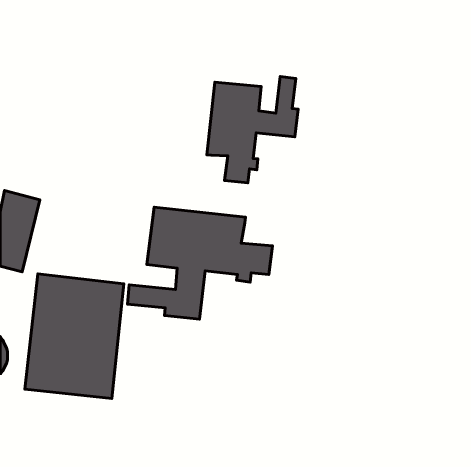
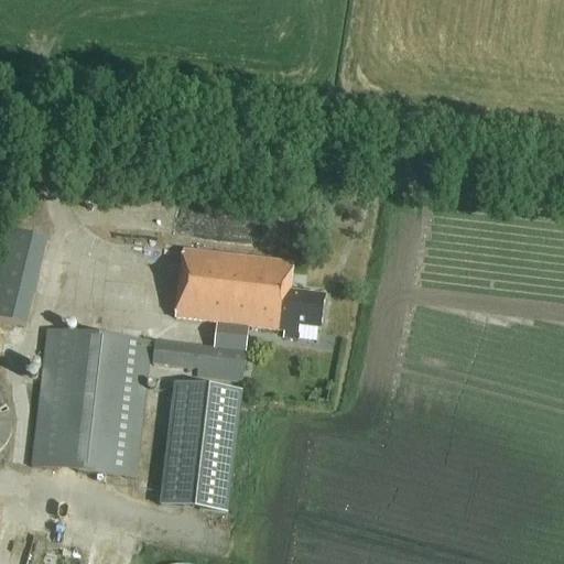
building: [207,77,298,183] -> none
building: none -> [160,381,240,509]

